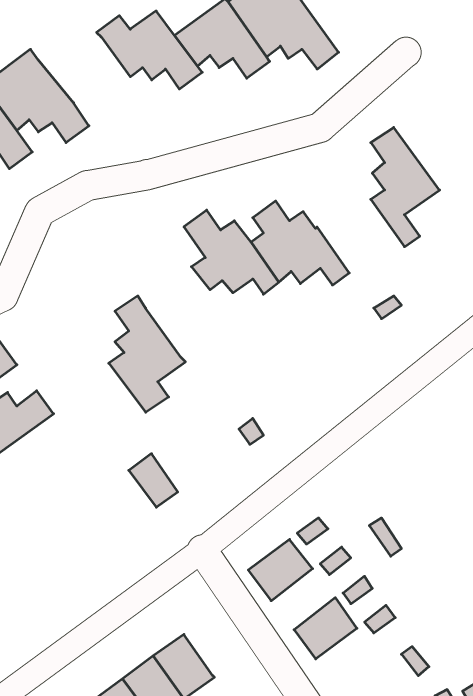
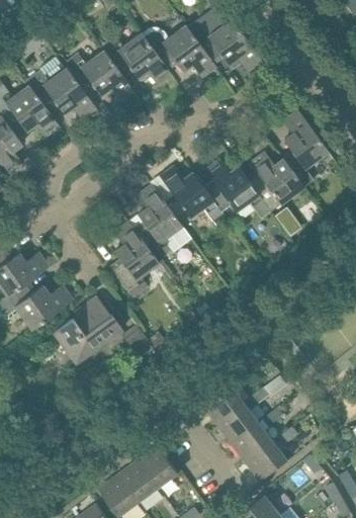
building: none -> [63,51,134,102]
building: none -> [247,152,304,212]
building: none -> [134,184,190,262]
building: none -> [56,296,121,360]
building: none -> [216,402,259,442]
building: none -> [246,441,288,482]

